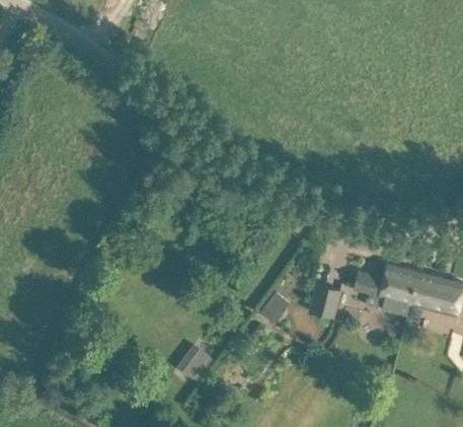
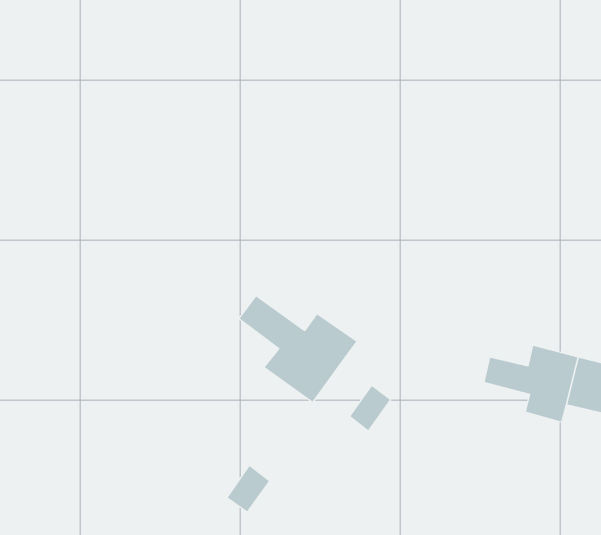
building: none -> [239,296,357,402]
building: [310,286,341,319] -> none

